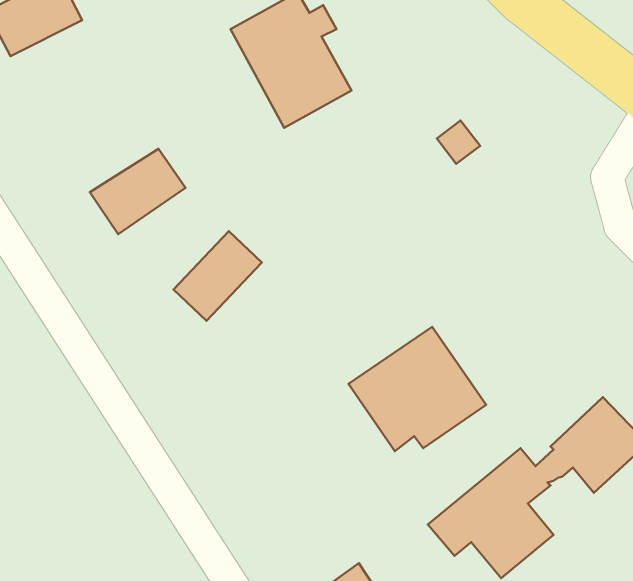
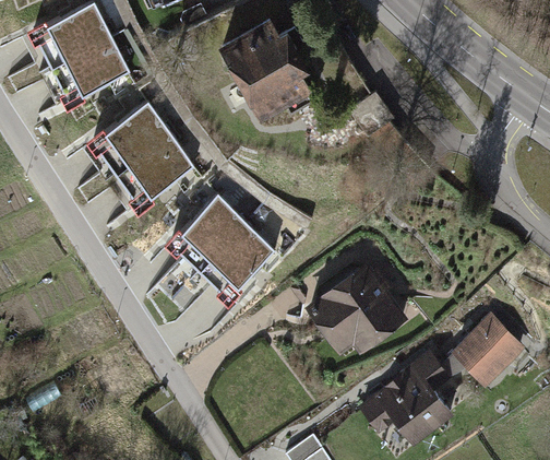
building: none -> [60,39,129,98]
building: none -> [98,103,168,165]
building: none -> [203,216,268,282]

